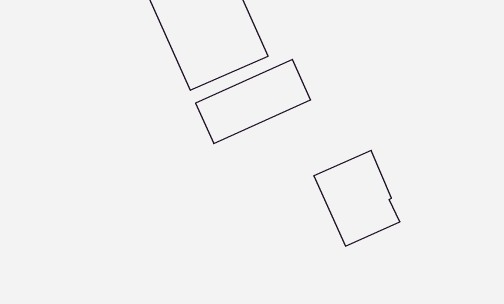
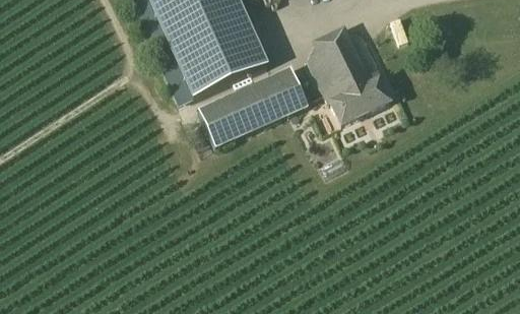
building: [314,150,400,246] -> [306,32,388,123]

